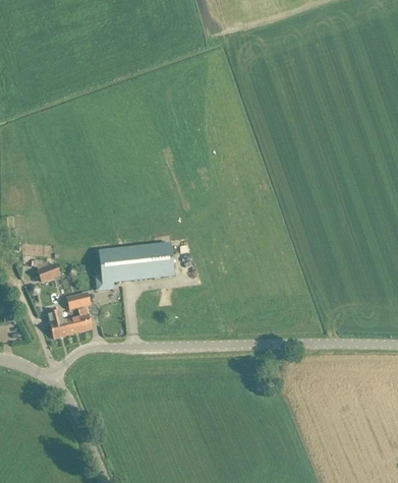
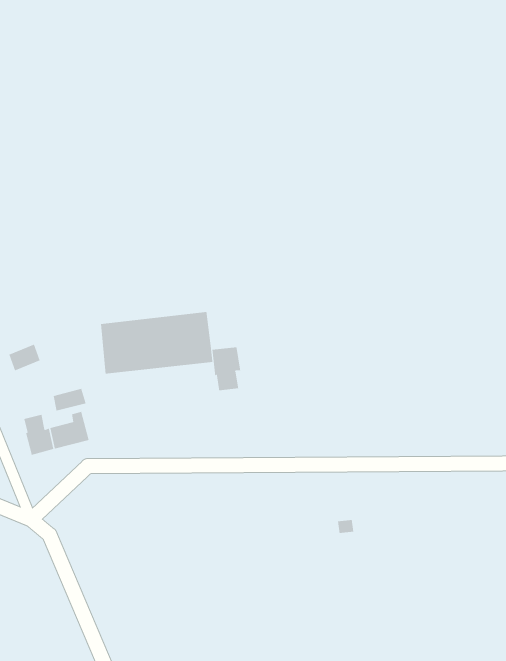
building: none -> [212,346,241,391]

